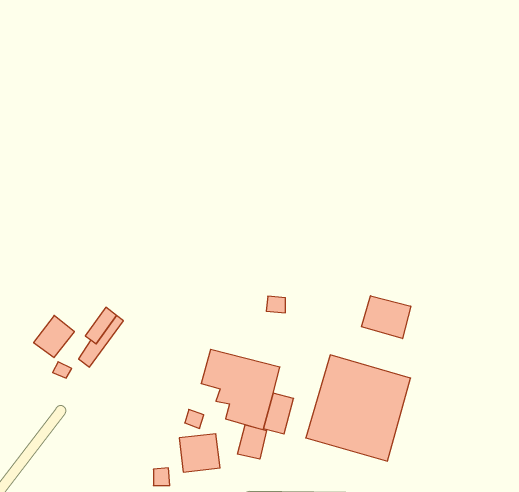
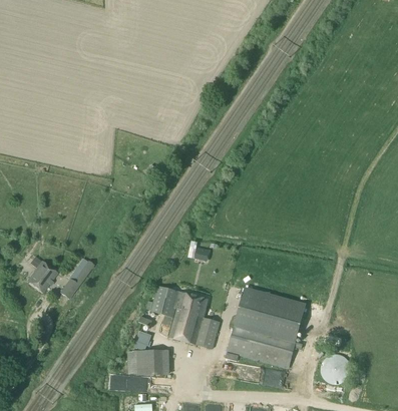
building: [361,296,411,339] -> none
building: [237,425,266,459] -> none
building: none -> [320,354,350,384]

